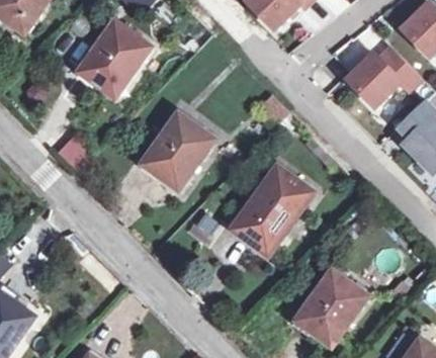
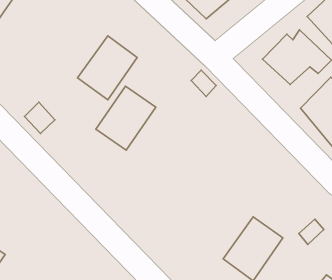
building: [79,20,151,97] -> [78,36,137,100]
building: [233,166,313,254] -> none

